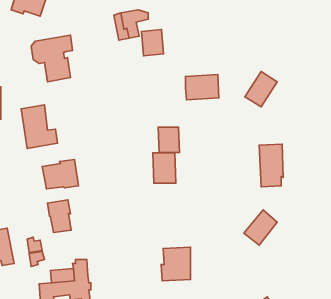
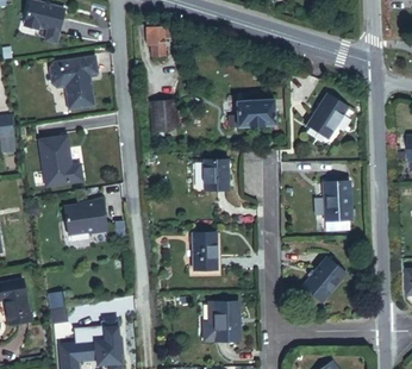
building: [141,30,164,56] -> [148,102,174,133]
building: [153,153,176,183] -> [189,236,217,271]
building: [47,200,71,232] -> none

